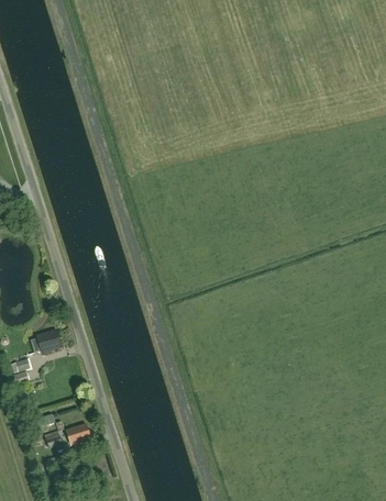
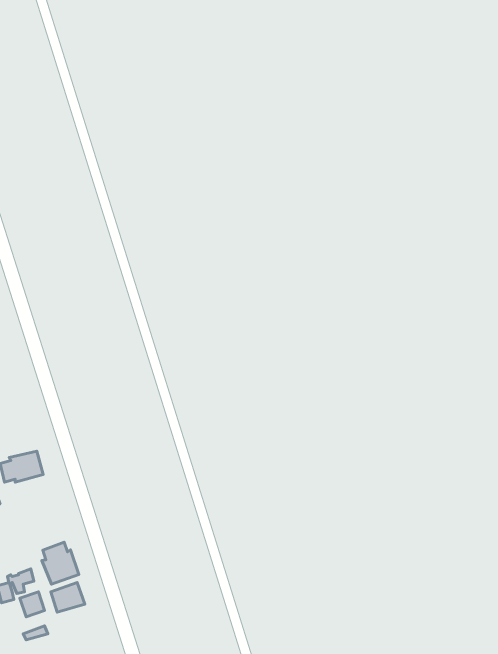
building: none -> [42,542,79,584]

